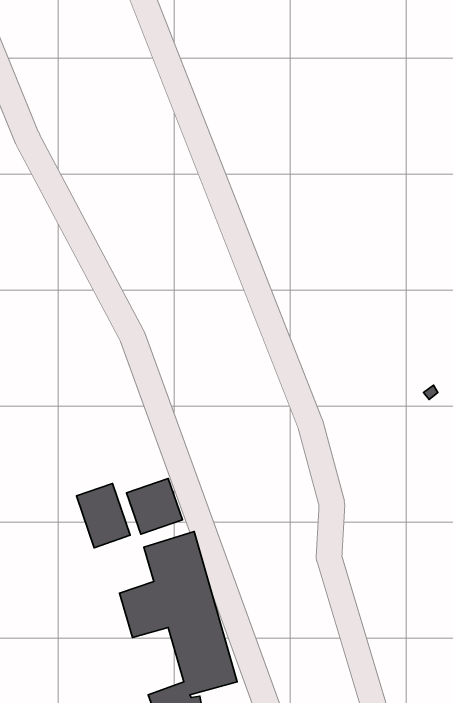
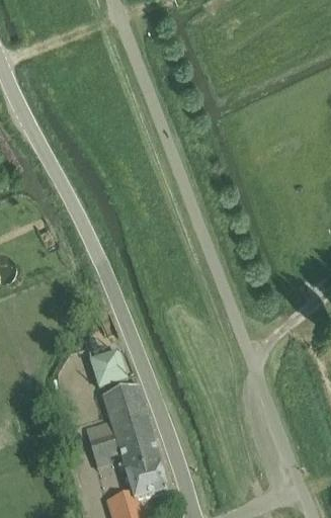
building: [76,484,130,548] -> none

